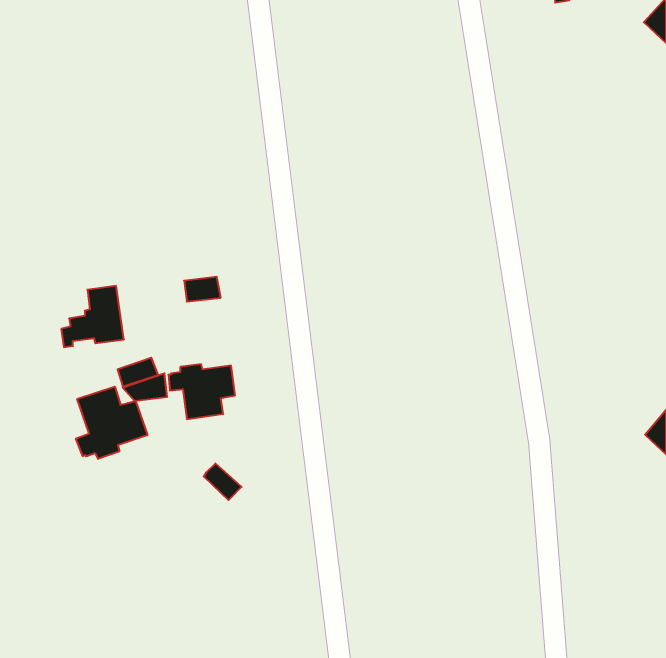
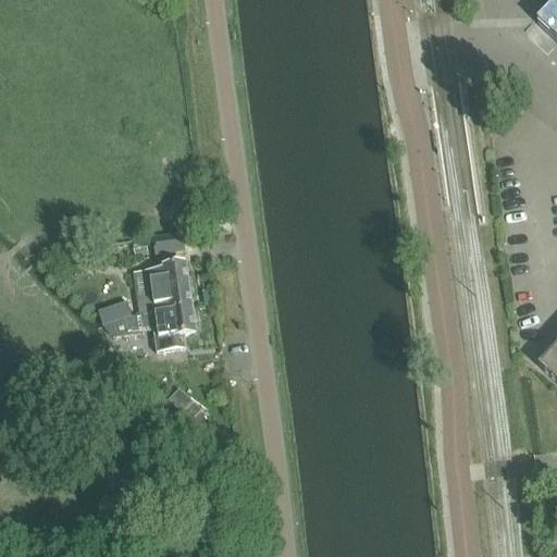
building: [61,286,124,347] -> [140,260,193,311]
building: [76,387,147,459] -> none

